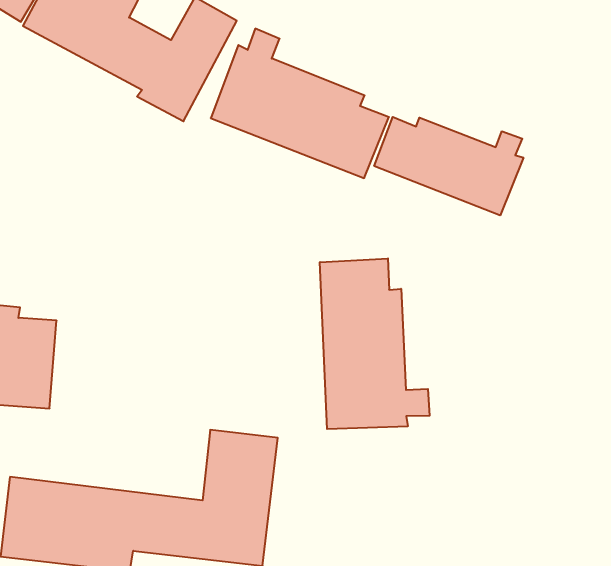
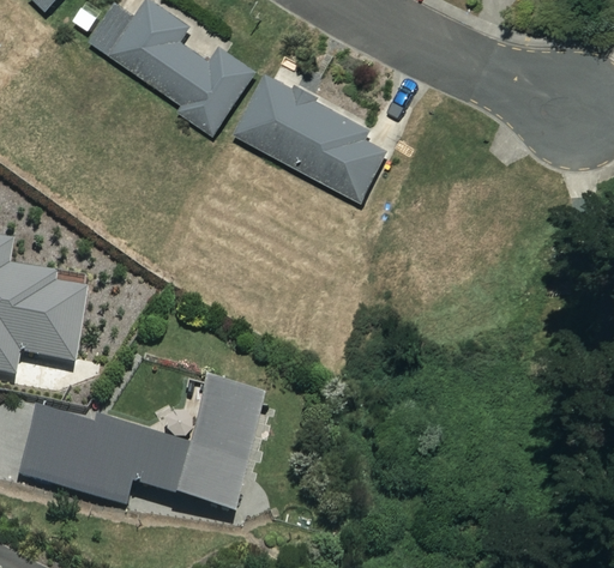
building: [374,117,523,215] -> none
building: [320,258,430,429] -> none

